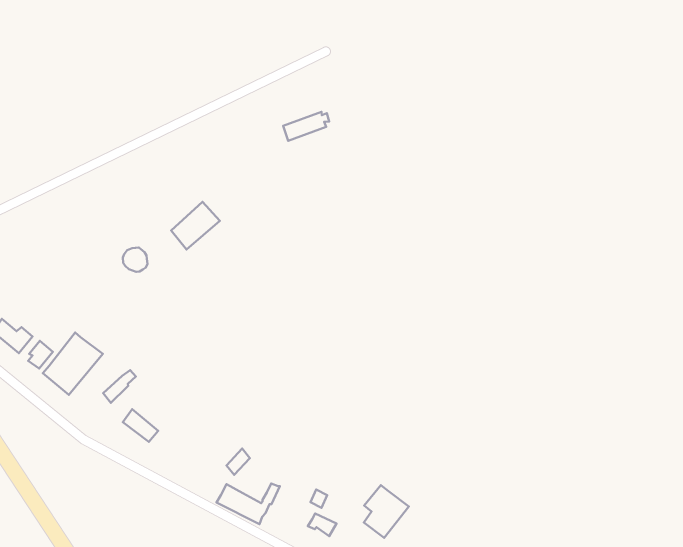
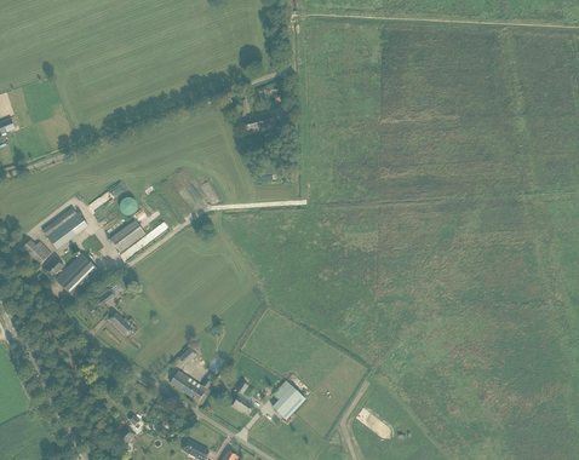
building: [171,202,220,250] -> [109,218,144,251]
building: none -> [41,211,87,248]

